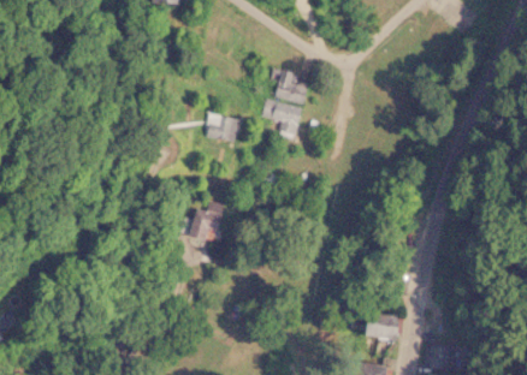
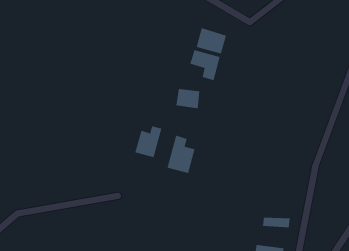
building: [203,115,237,143] -> [175,89,200,109]
building: none -> [167,135,195,174]

